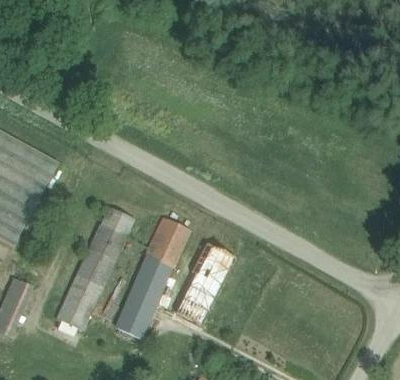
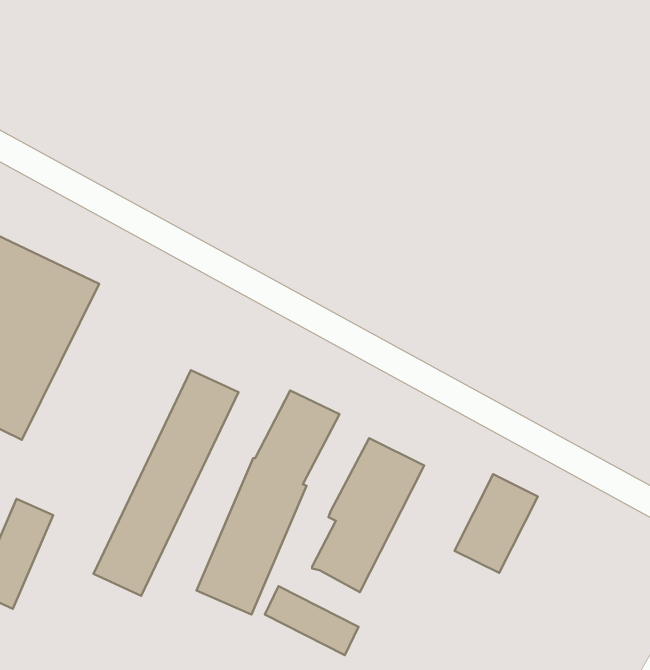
building: none -> [454,474,538,573]
building: none -> [265,586,359,655]

